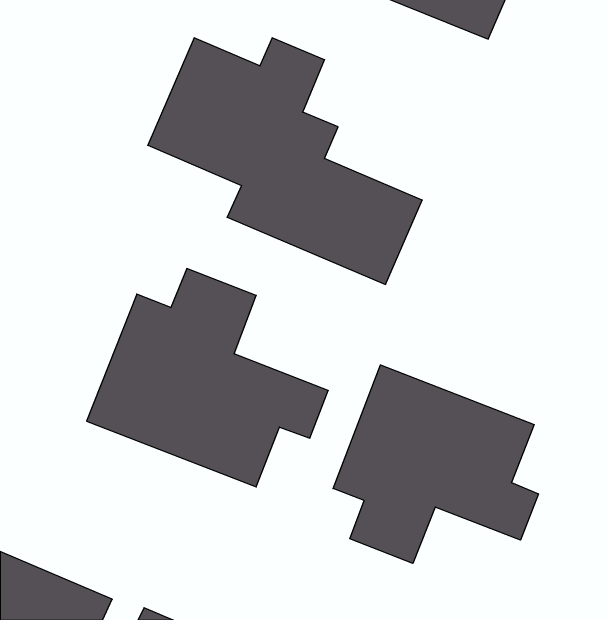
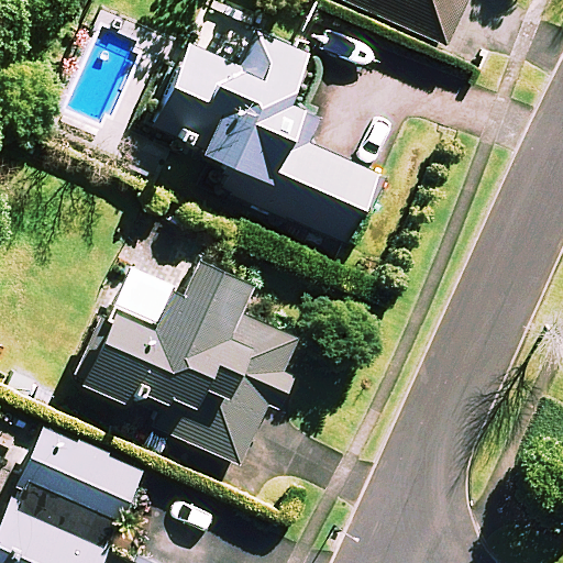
building: [333,365,538,563] -> none
building: none -> [25,433,143,529]

